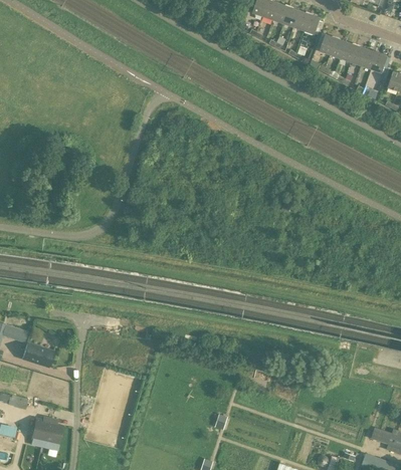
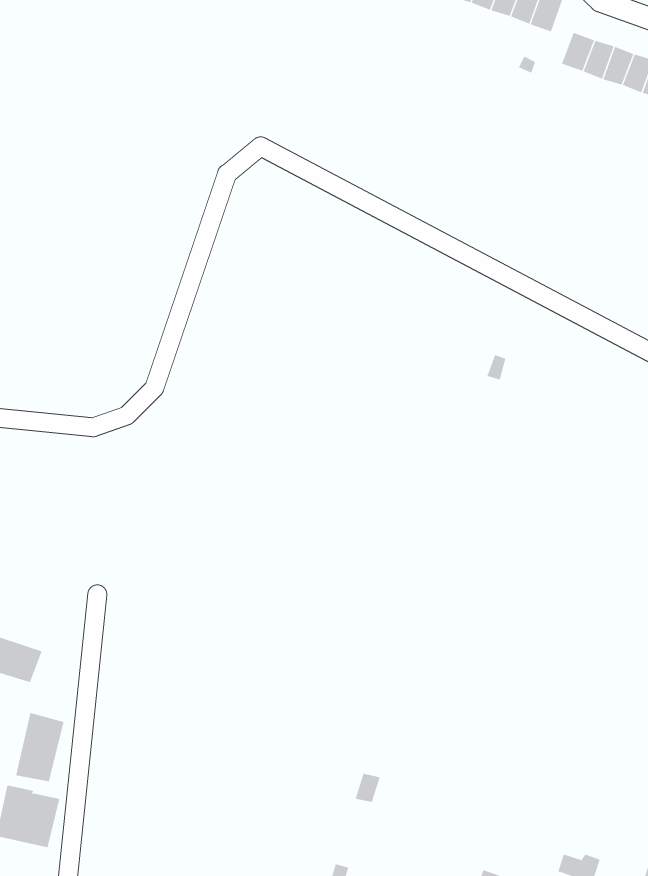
building: none -> [16,712,64,782]

